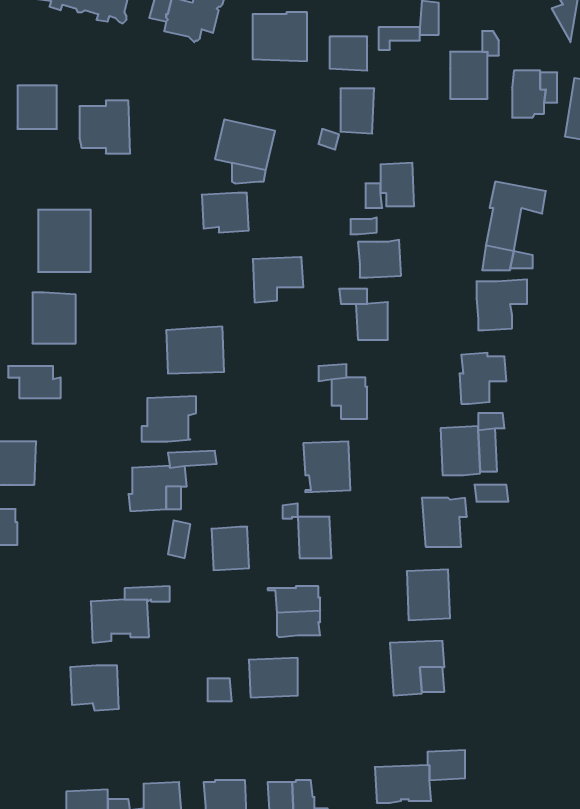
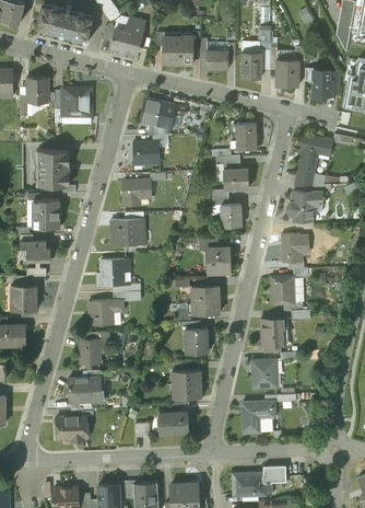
building: [340,88,374,134] -> [242,53,261,79]
building: [253,257,303,302] -> [122,181,152,207]
building: [211,527,249,570] -> [79,339,101,365]

